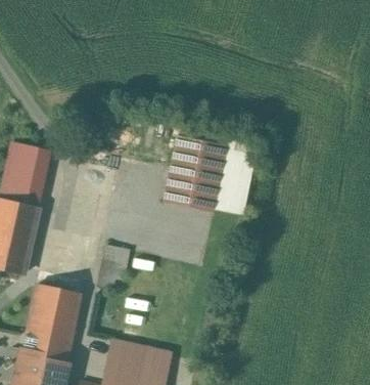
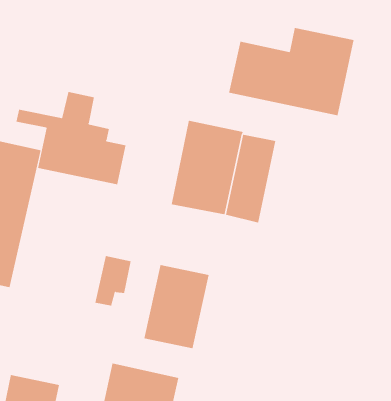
building: none -> [229,27,354,116]
building: none -> [16,91,126,185]
building: [21,284,80,358] -> [144,264,209,349]

